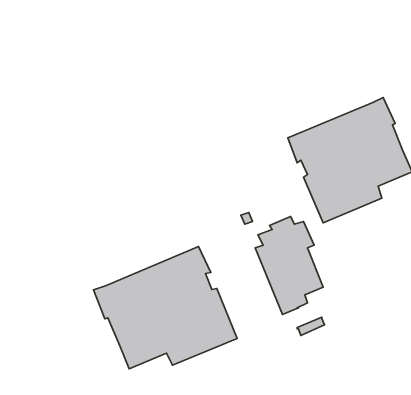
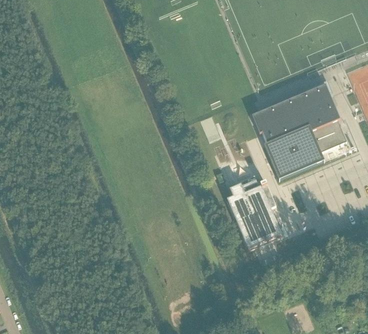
building: [93,247,237,369] -> none

